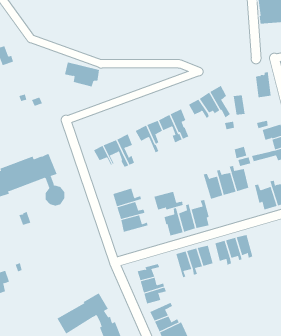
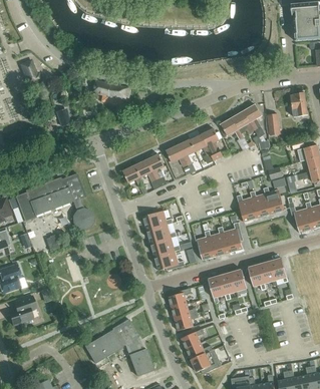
building: [154,190,184,210] -> [153,249,185,270]

